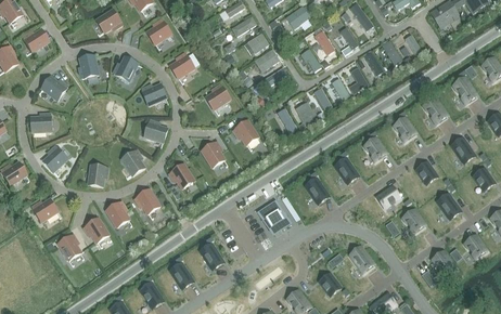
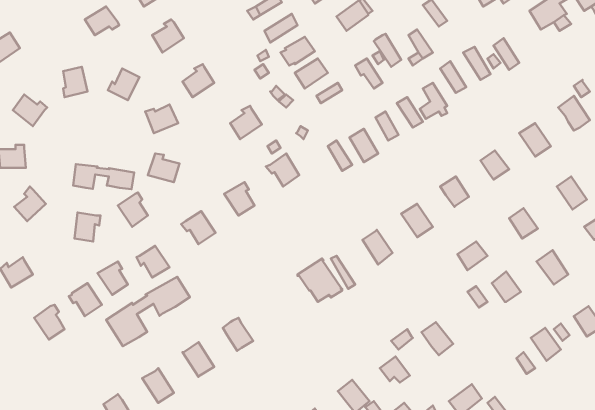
building: none -> [73,164,134,189]
building: none -> [106,277,190,346]

